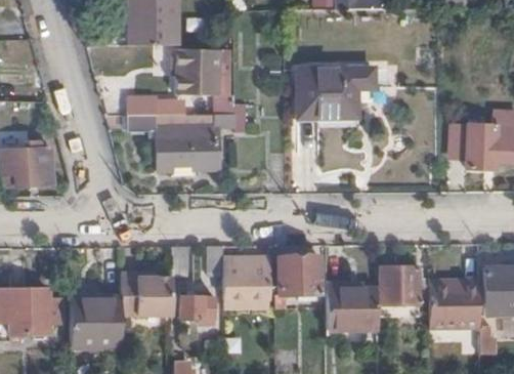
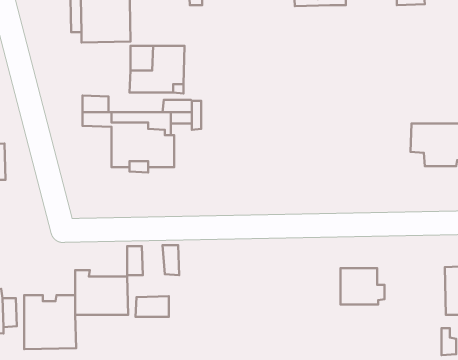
building: [296,67,373,117] -> none
building: [279,257,318,294] -> none
building: [226,258,268,298] -> none
building: [429,280,481,327] -> none
building: [327,288,378,331] -> none

